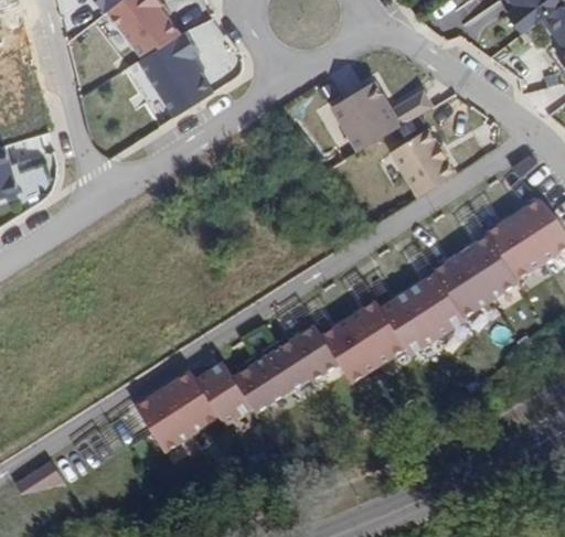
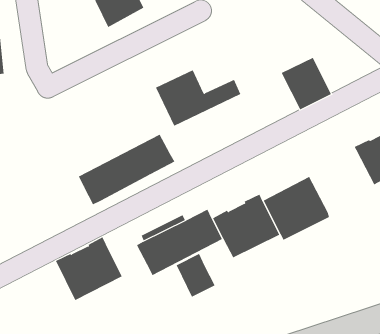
building: [328,78,434,150] -> [155,70,241,126]
building: [435,235,518,314] -> none
building: none -> [78,134,175,205]
building: [196,362,247,417] -> [176,253,215,297]

